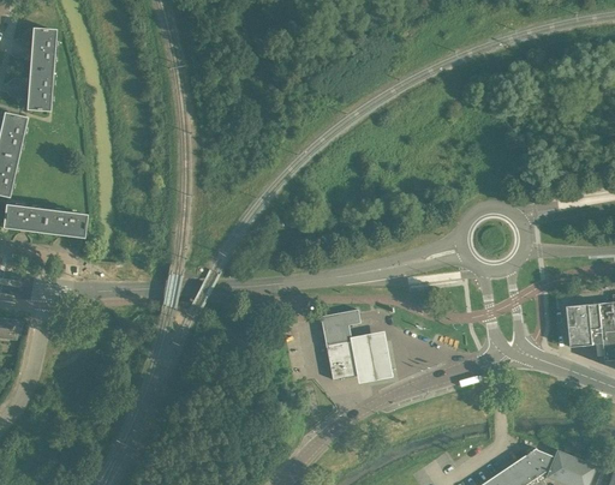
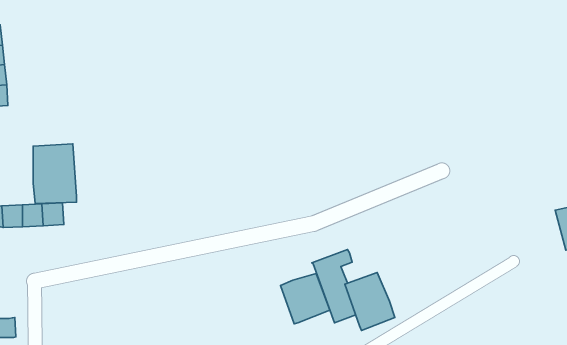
building: none -> [33,144,77,204]
building: none -> [280,274,330,324]

